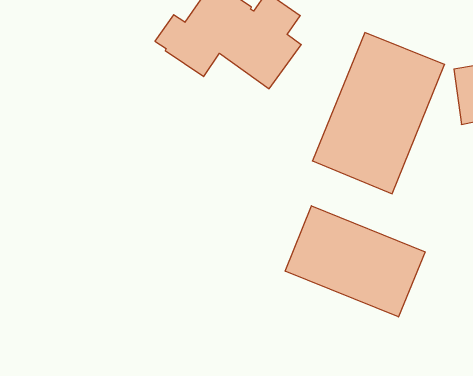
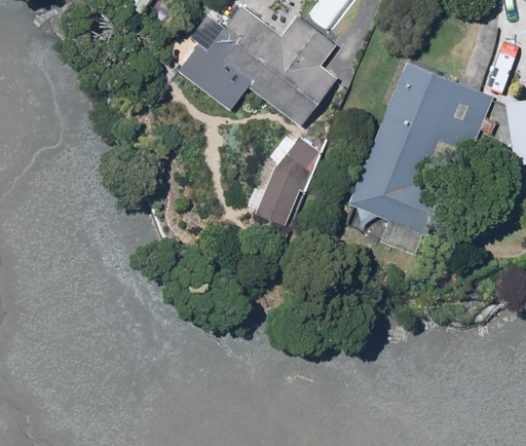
building: none -> [259,138,321,228]
building: [285,206,425,317] -> none

